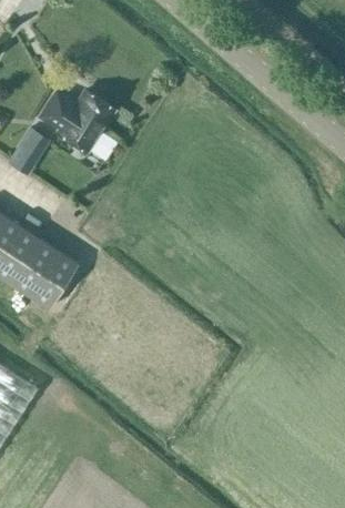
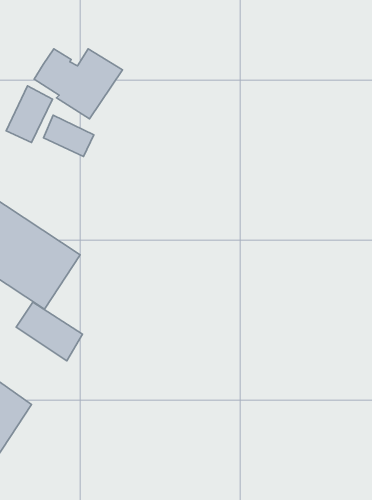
building: none -> [43,115,94,156]
building: none -> [16,302,83,361]

